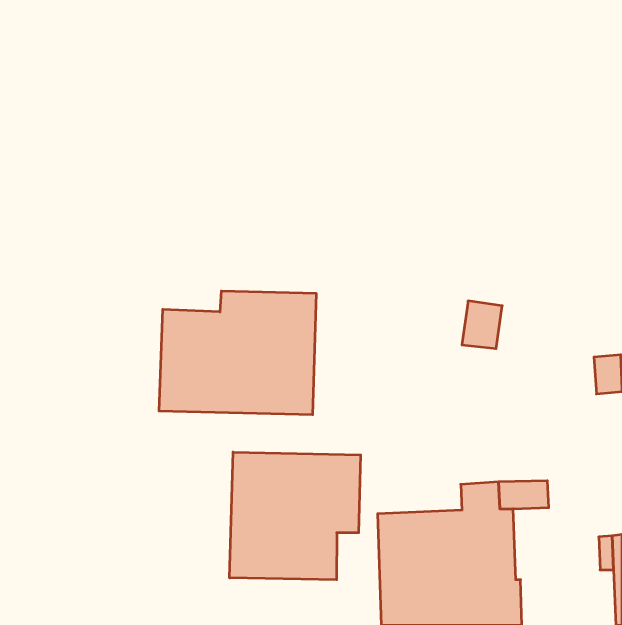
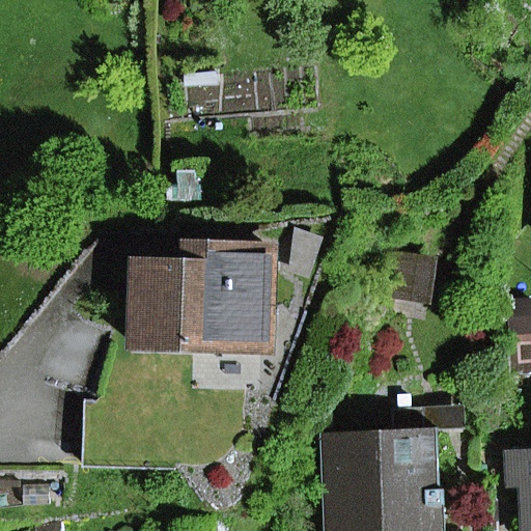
building: [230,452,361,580] -> none

